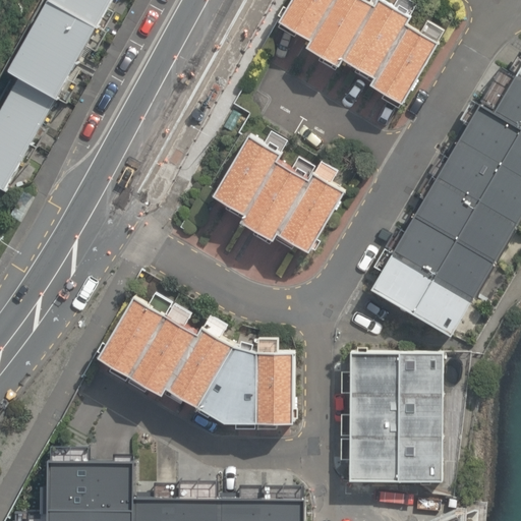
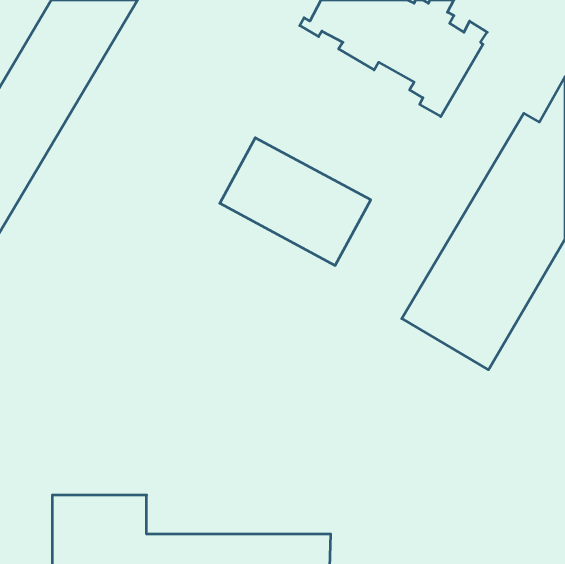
building: [94,293,293,431] -> none
building: [347,352,438,479] -> none

